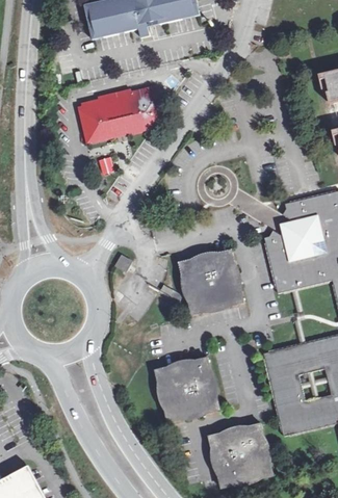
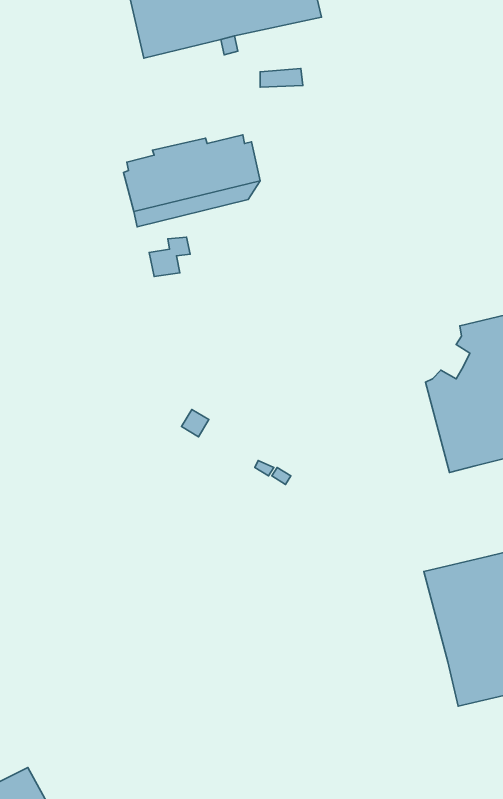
building: [178,250,243,315] -> none
building: [154,357,218,421] -> none
building: [208,422,274,488] -> none

